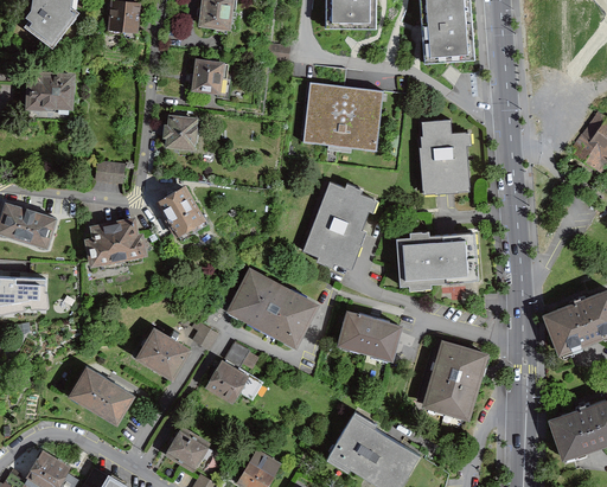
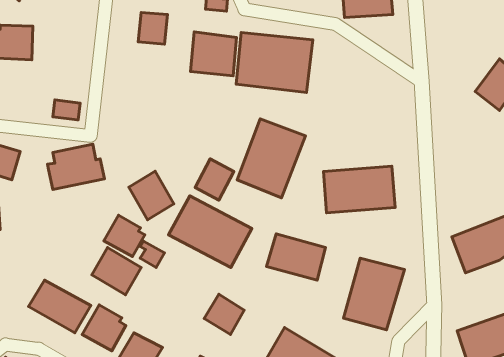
building: none -> [190,32,237,76]
building: [164,117,198,154] -> none
building: [420,122,471,196] -> none
building: [154,190,205,244] -> [129,171,174,220]
building: none -> [195,159,234,200]
building: none -> [104,215,145,256]
building: [209,355,254,401] -> [204,294,244,334]
building: none -> [82,305,126,351]

